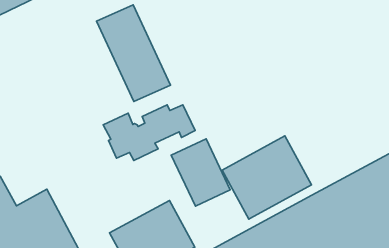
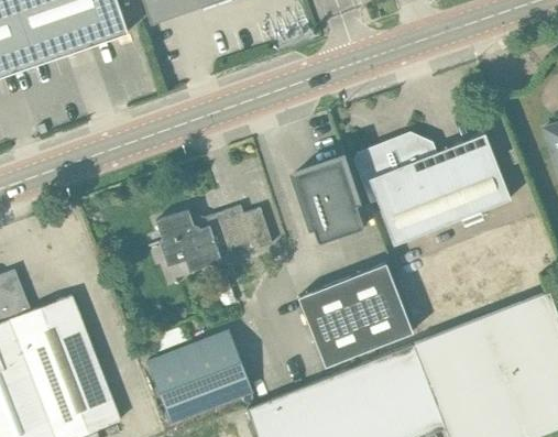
building: [97,5,171,102] -> none
building: none -> [355,133,508,243]
building: [171,139,230,206] -> [293,157,363,242]

